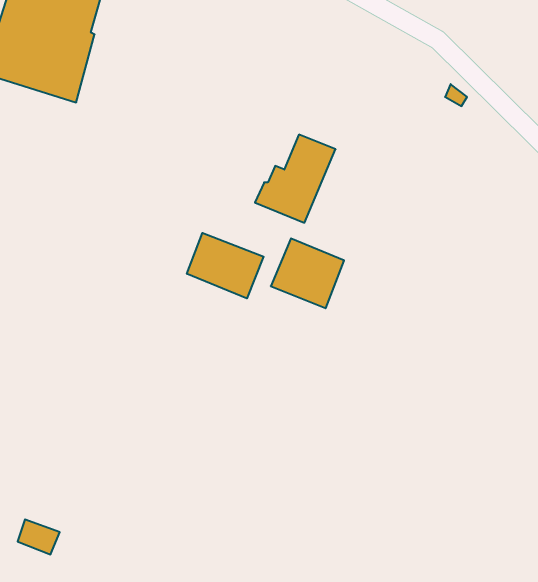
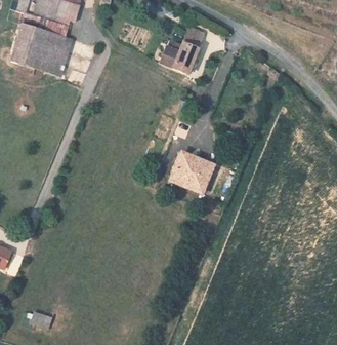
building: [255,135,336,223] -> [160,24,205,73]
building: [187,233,264,298] -> none

